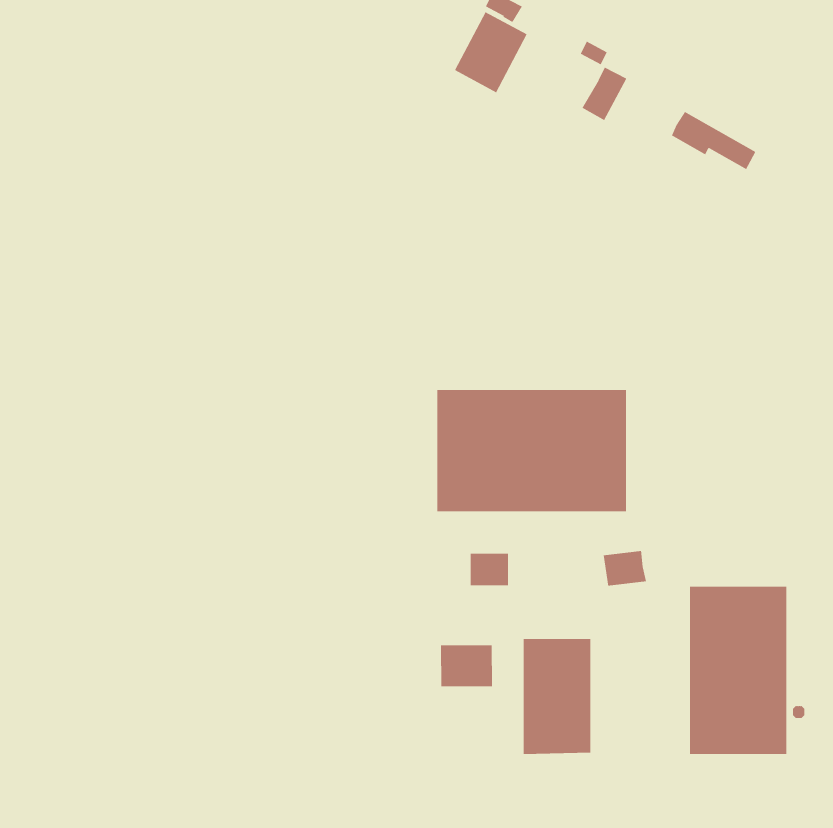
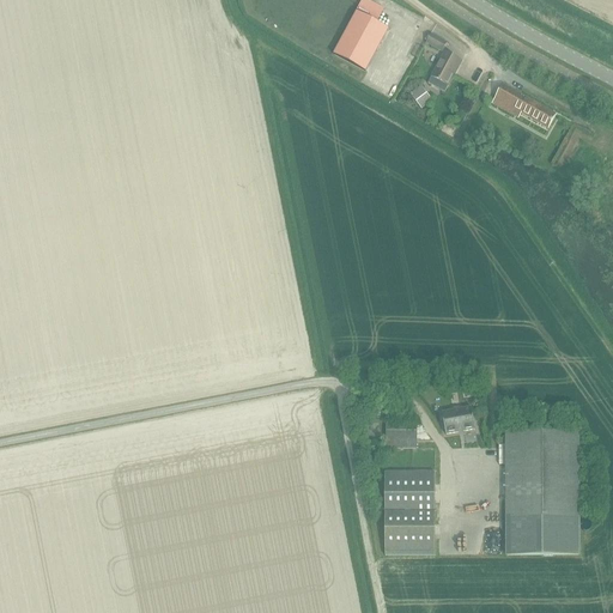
building: [437,389,627,512] -> none
building: [470,553,509,586] -> [386,420,414,444]
building: [441,645,493,687] -> none

